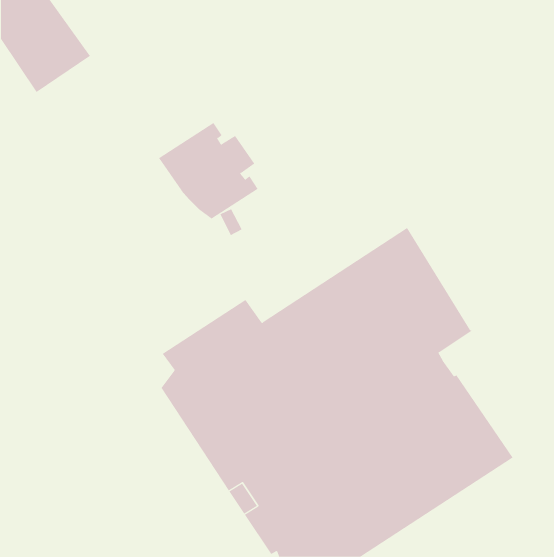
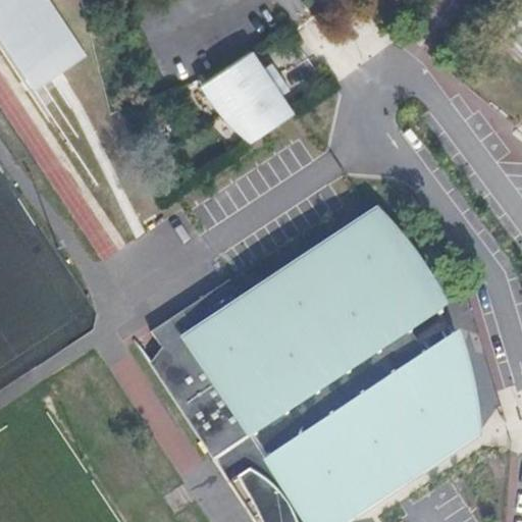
building: [158,122,259,219] -> [204,50,298,141]
building: none -> [418,316,484,427]

